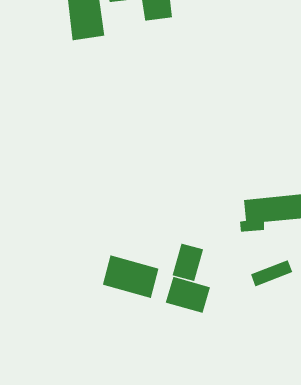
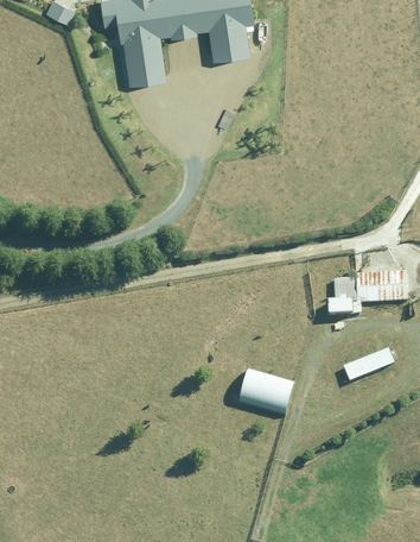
building: [172,243,204,282] -> none
building: [102,254,159,299] -> none

